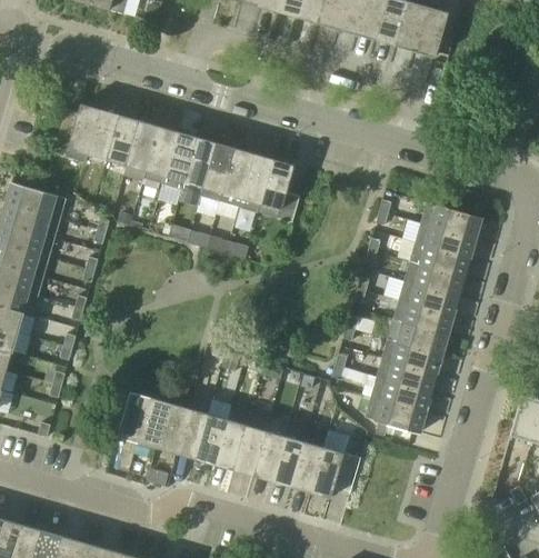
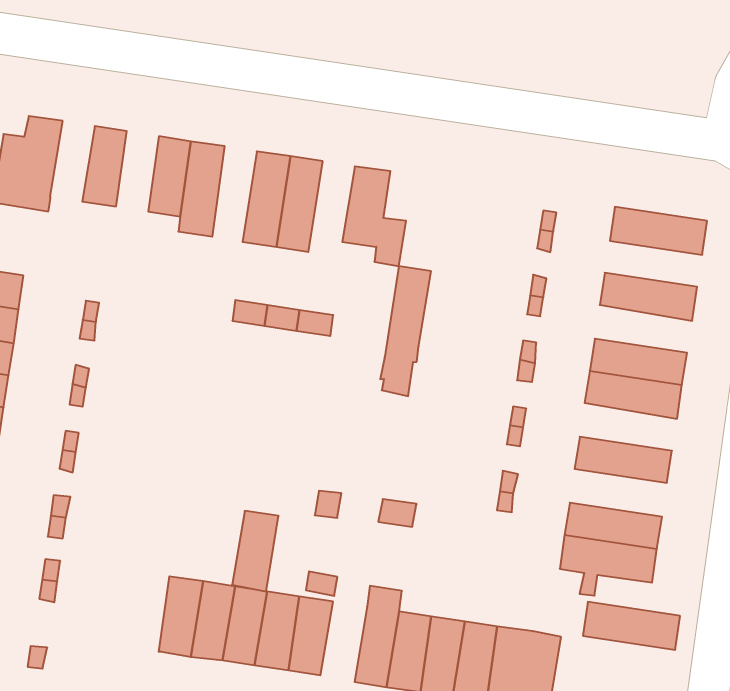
building: [88,109,120,159] -> none
building: [127,120,158,170] -> none
building: [182,137,216,196] -> none
building: [234,153,273,232] -> [380,266,431,396]
building: [416,223,476,258] -> none
building: [405,261,465,297] -> none
building: [388,319,448,355] -> none
building: [377,358,437,393] -> [583,602,680,650]
building: [213,419,247,469] -> [232,511,279,591]

